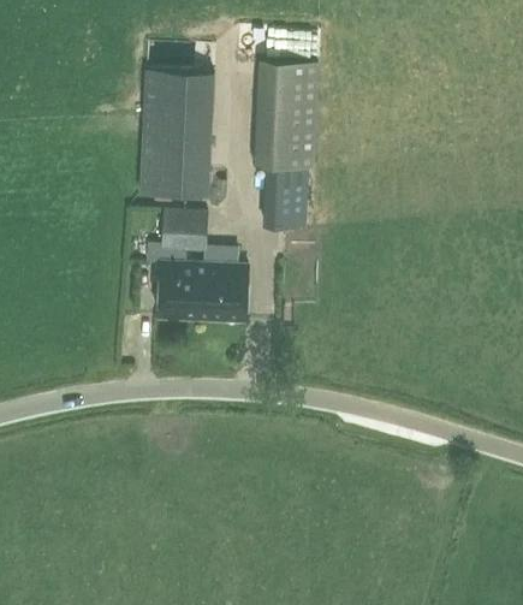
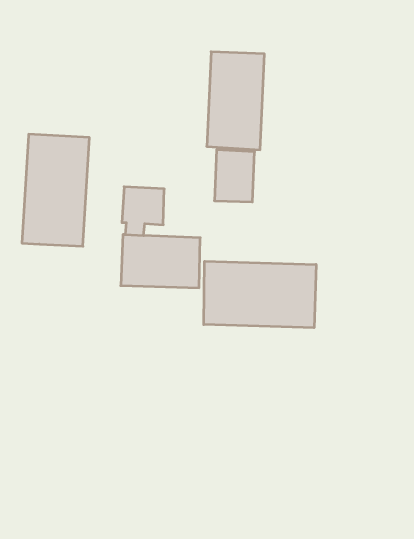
building: [138,70,213,194] -> [22,134,89,246]
building: none -> [204,261,316,328]

